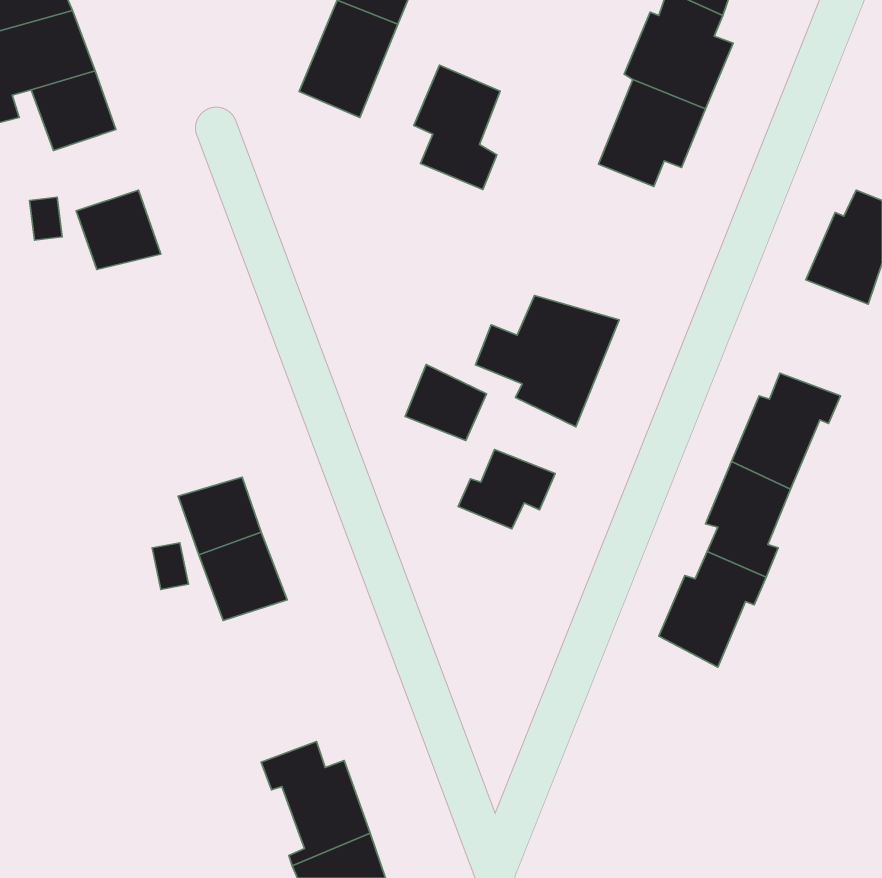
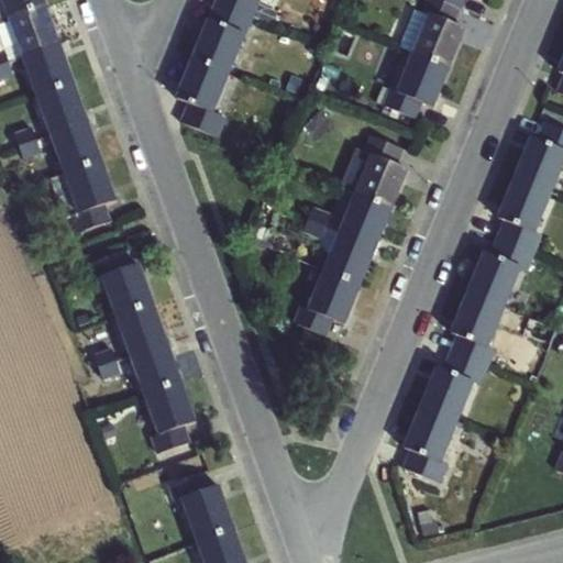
building: [414,65,500,190] -> [174,58,229,137]
building: none -> [34,82,88,134]
building: none -> [340,134,409,203]
building: none -> [48,162,117,233]
building: none -> [496,178,552,252]
building: [405,365,487,441] -> [314,253,366,301]
building: none -> [86,250,154,316]
building: none -> [142,382,197,453]
building: none -> [401,405,456,483]

